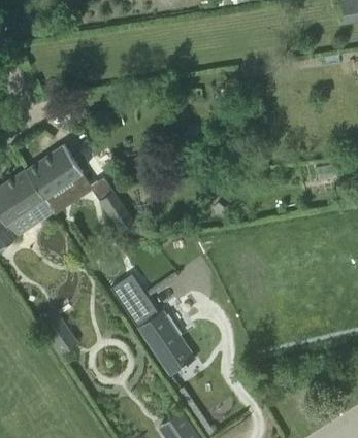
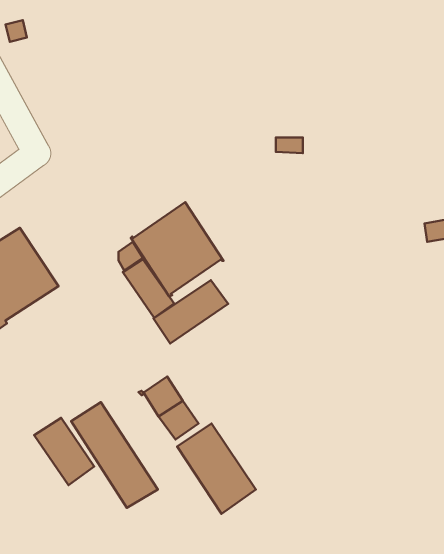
building: [25,144,92,212] -> [131,202,224,297]
building: none -> [153,280,228,344]
building: none -> [71,402,158,508]

